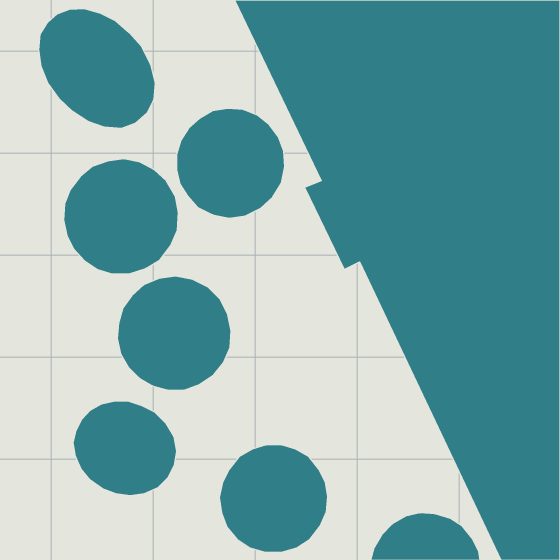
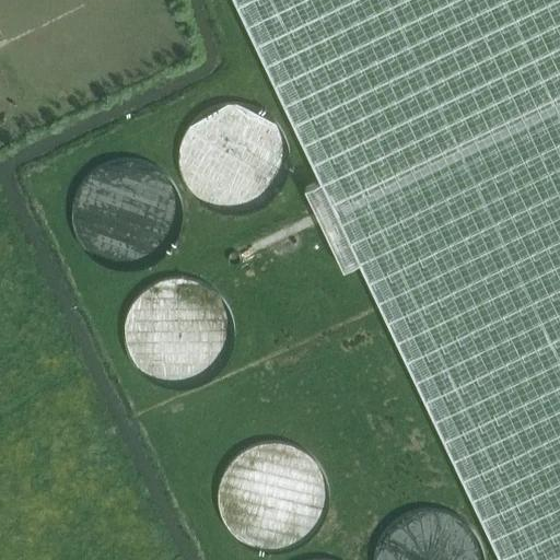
building: [39,9,155,128] -> none
building: [73,401,177,496] -> none

